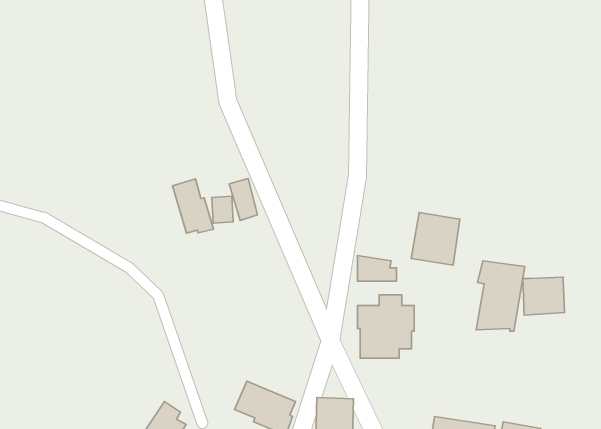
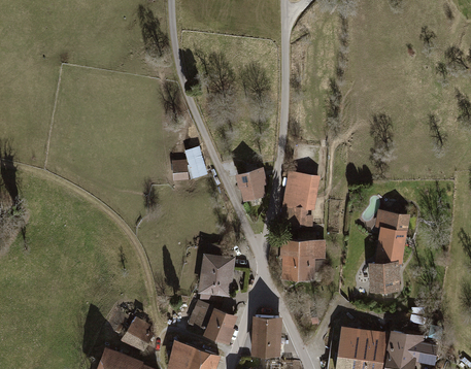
building: [173,179,213,233] -> none
building: none -> [236,171,267,205]
building: [411,213,460,265] -> [282,171,319,211]
building: [523,277,565,315] -> [368,262,400,291]
building: none -> [198,245,235,301]

